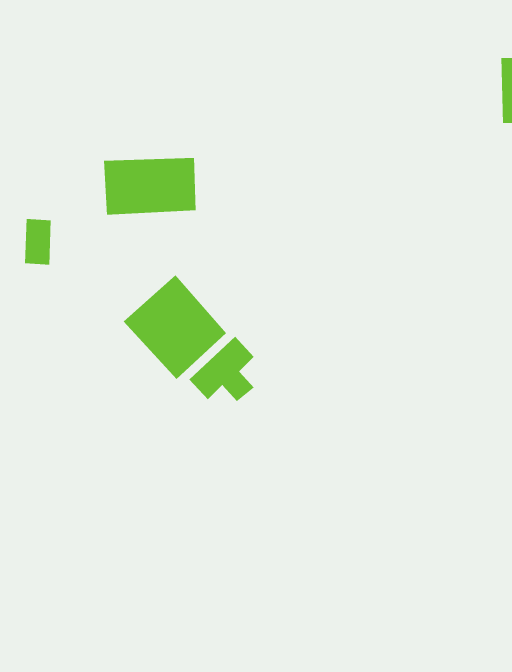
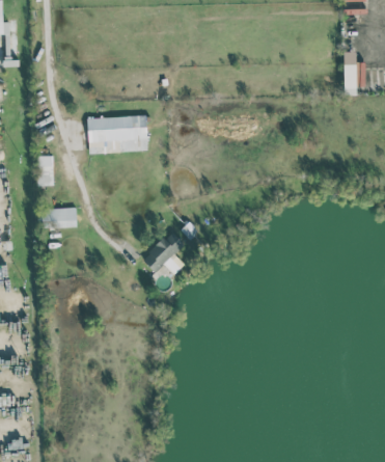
building: [123,274,227,380] -> none
building: none -> [40,208,77,226]

